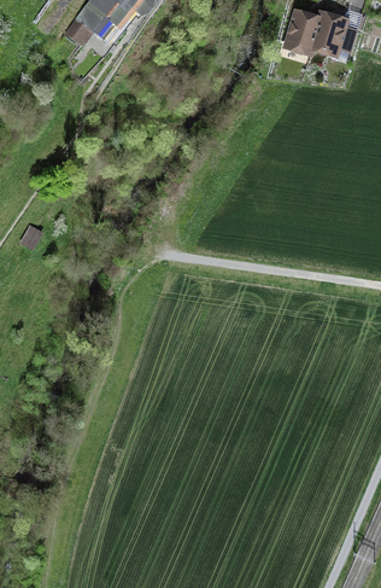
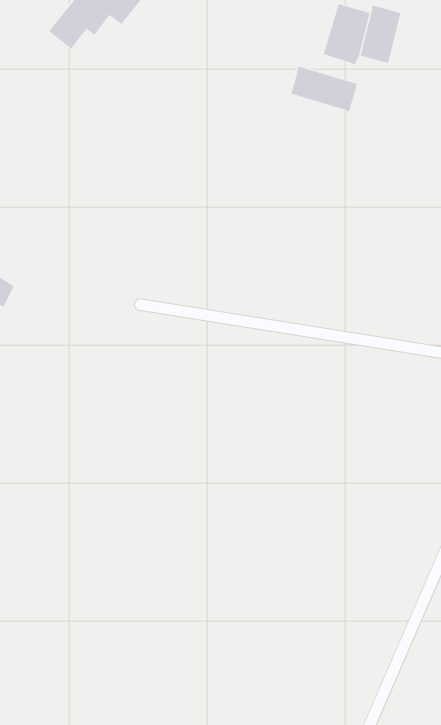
building: none -> [291,66,358,112]

